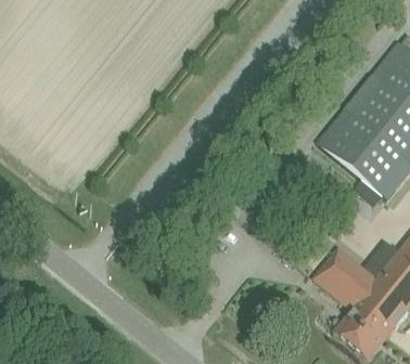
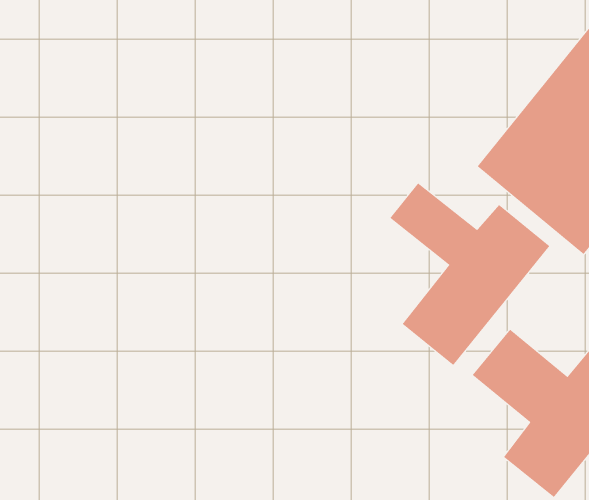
building: none -> [390,182,550,366]

